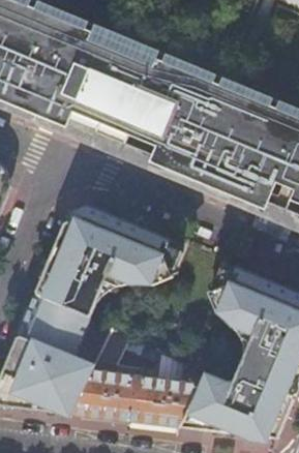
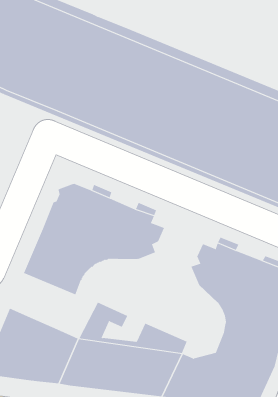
building: [17,298,86,358] -> none

